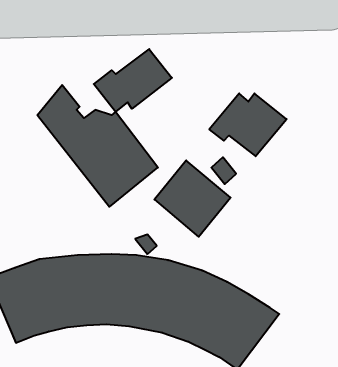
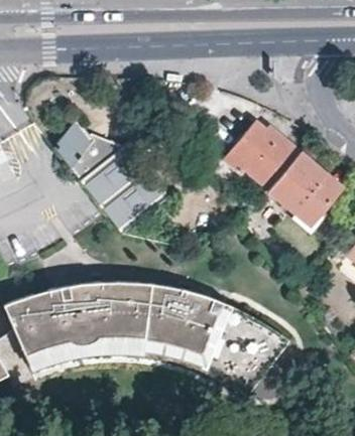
building: [94,49,172,112] -> none
building: [154,160,231,237] -> [265,151,340,226]

